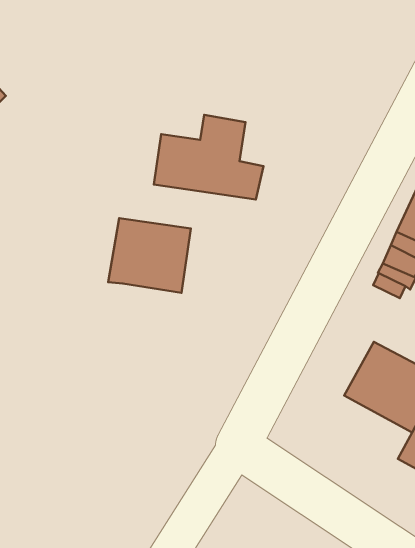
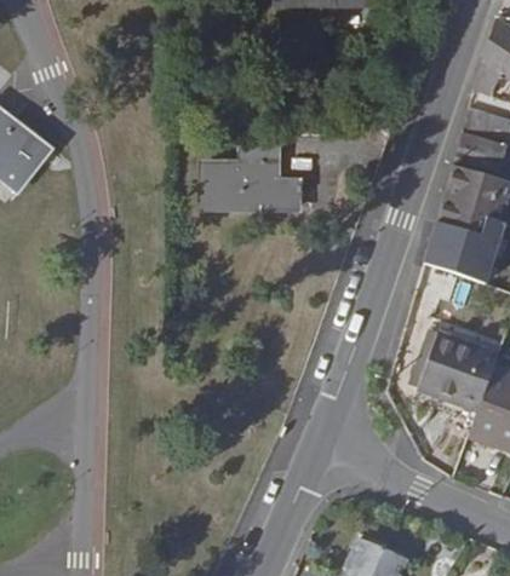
building: [108,218,191,293] -> none

